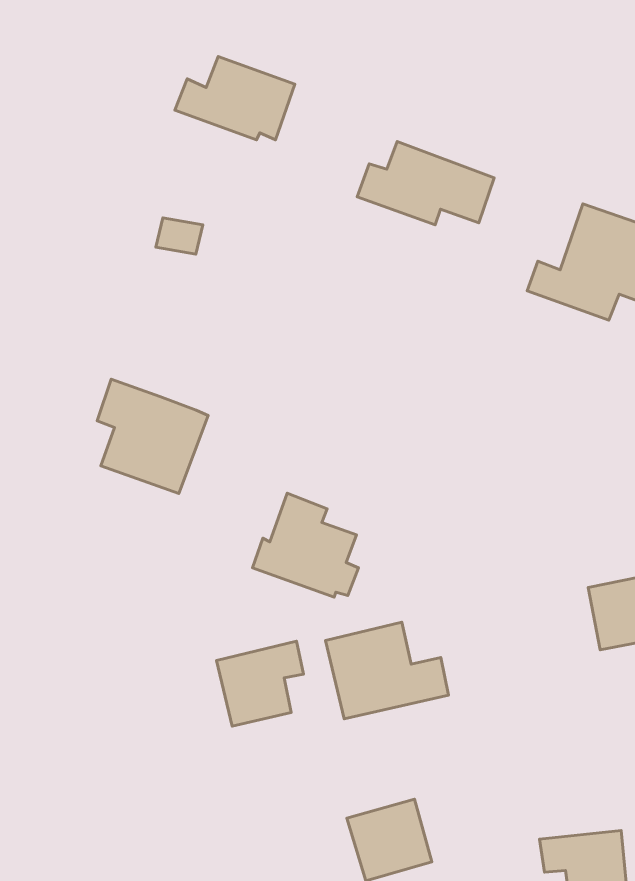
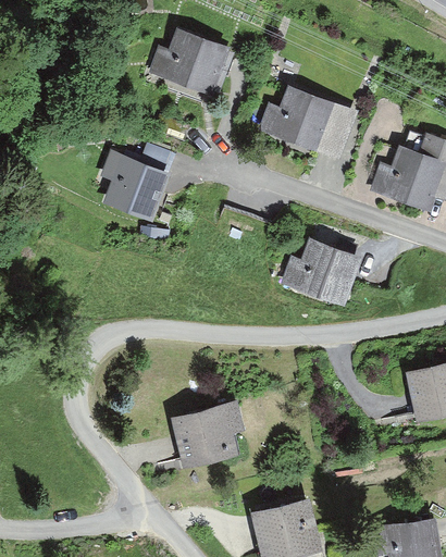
building: [97,379,208,494] -> [100,150,170,222]
building: [253,493,358,597] -> [284,239,350,305]
building: [326,622,448,719] -> none

